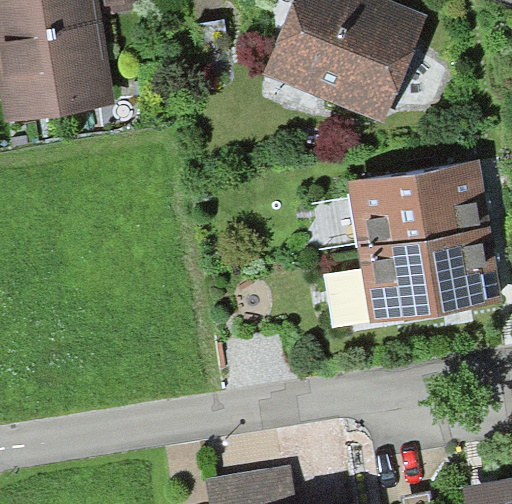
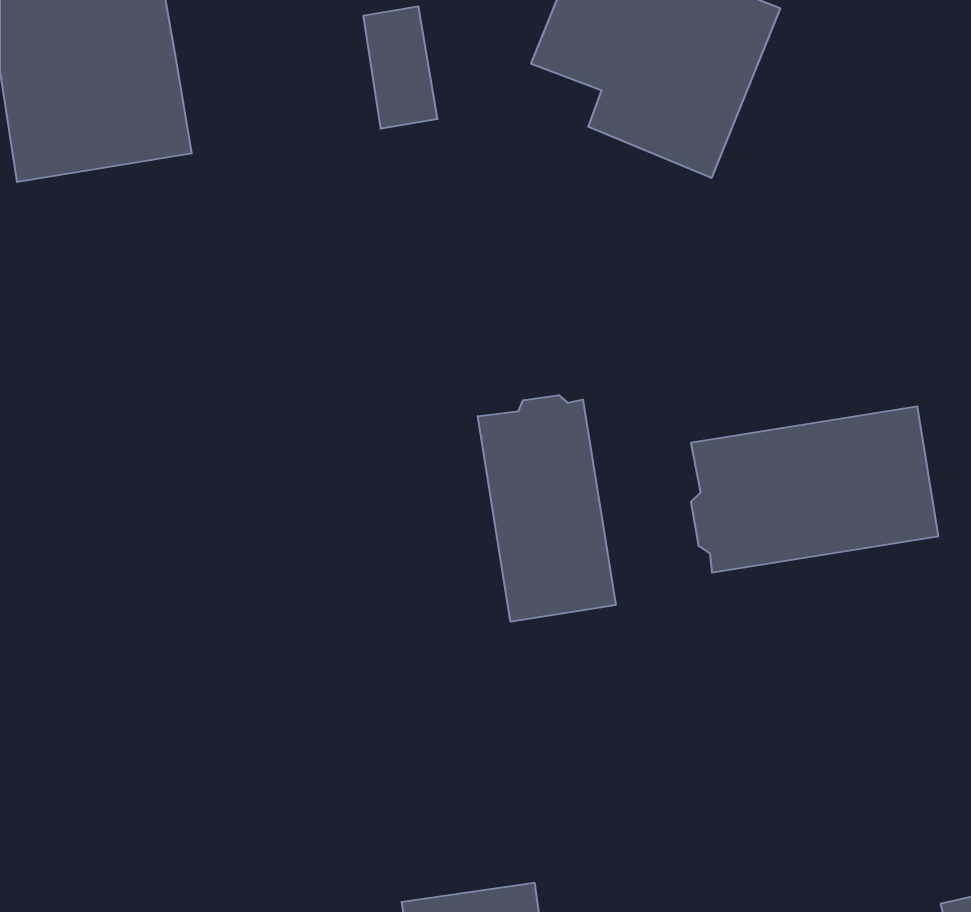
building: [350,165,482,251] -> none
building: none -> [478,395,616,622]

